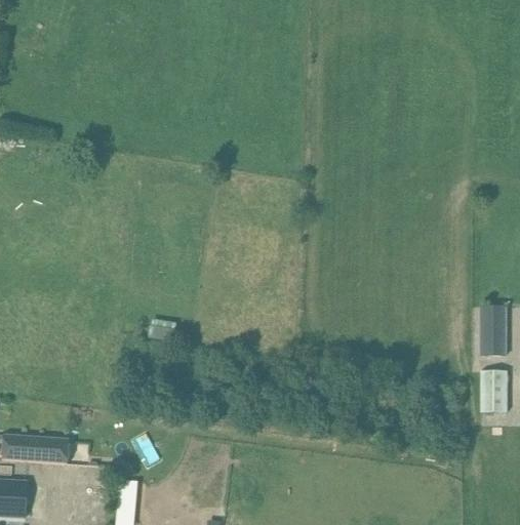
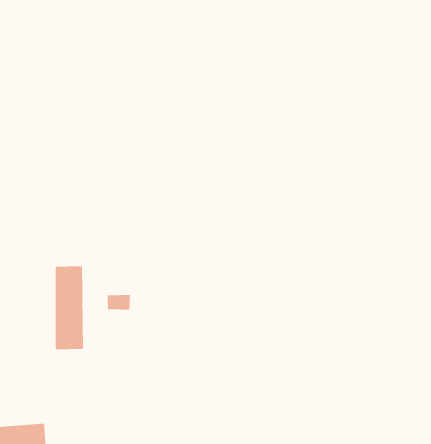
building: none -> [55,266,84,350]

